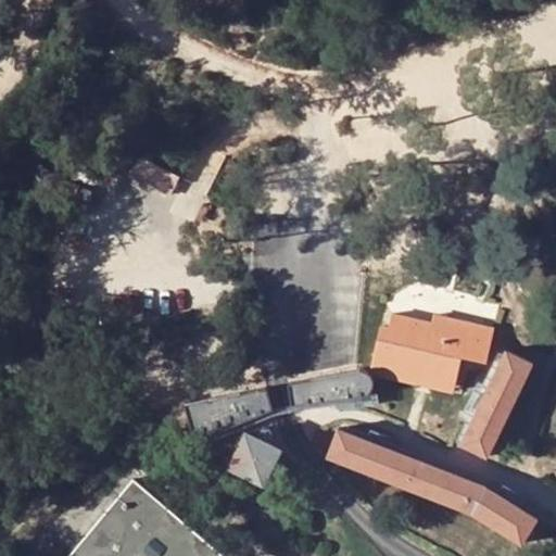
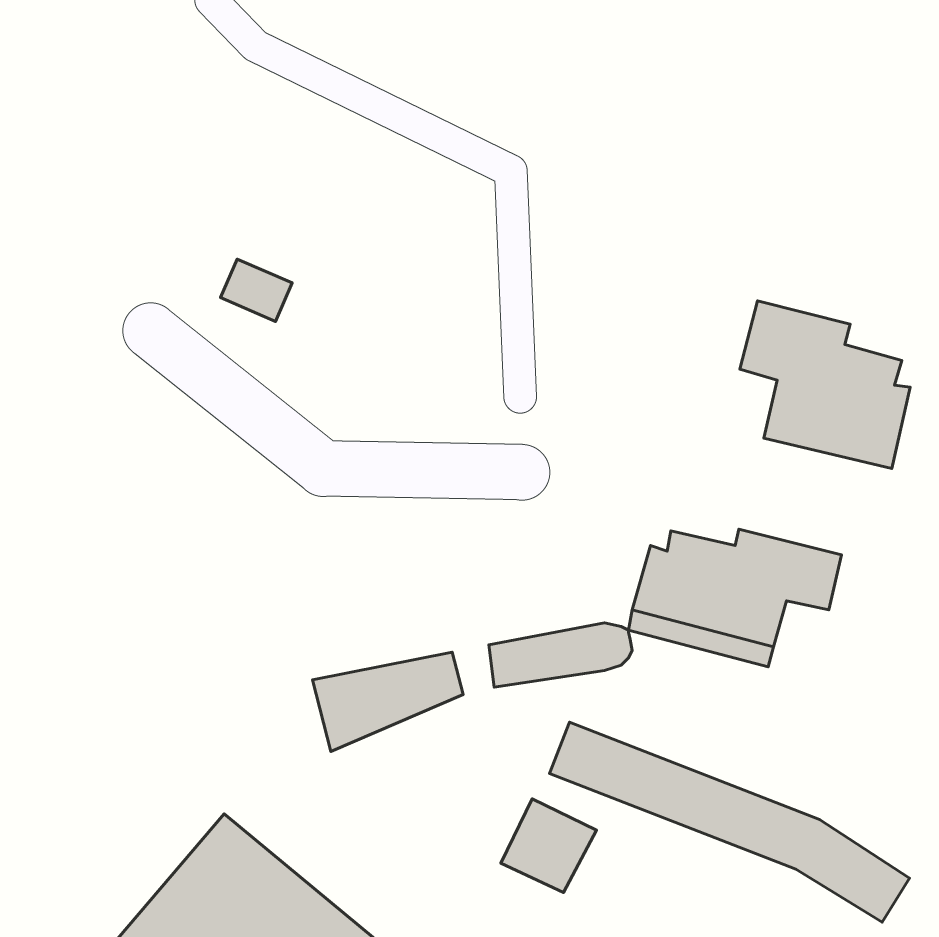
building: none -> [740,301,910,469]
building: [460,350,533,457] -> none
building: [226,433,282,489] -> [501,799,596,892]

